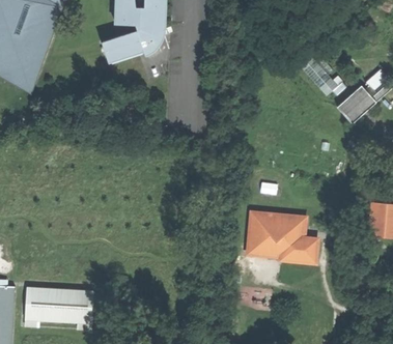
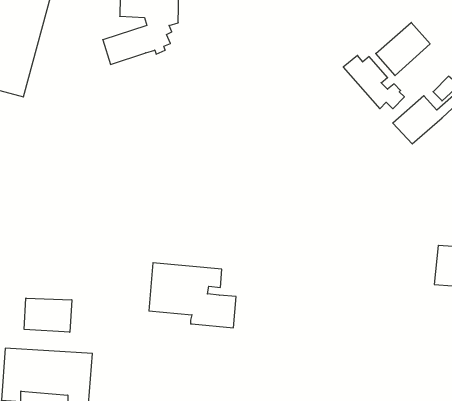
building: none -> [376,22,430,76]
building: [246,214,315,266] -> [149,263,236,328]
building: none -> [24,298,72,332]

